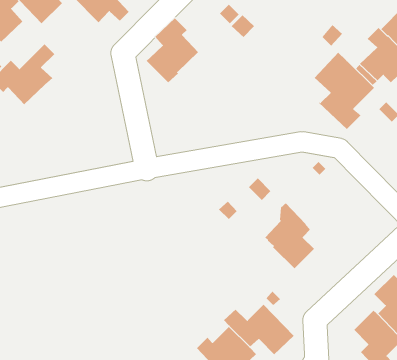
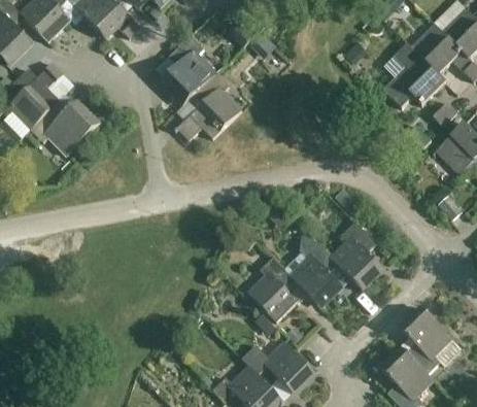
building: [314,52,375,130] -> none
building: none -> [176,72,241,139]
building: none -> [29,99,101,156]
building: none -> [330,221,379,285]
building: none -> [248,256,298,321]

